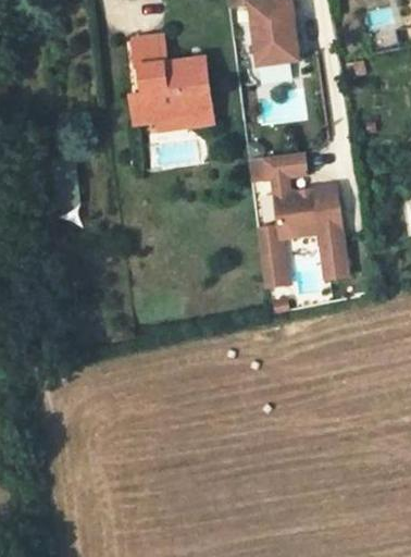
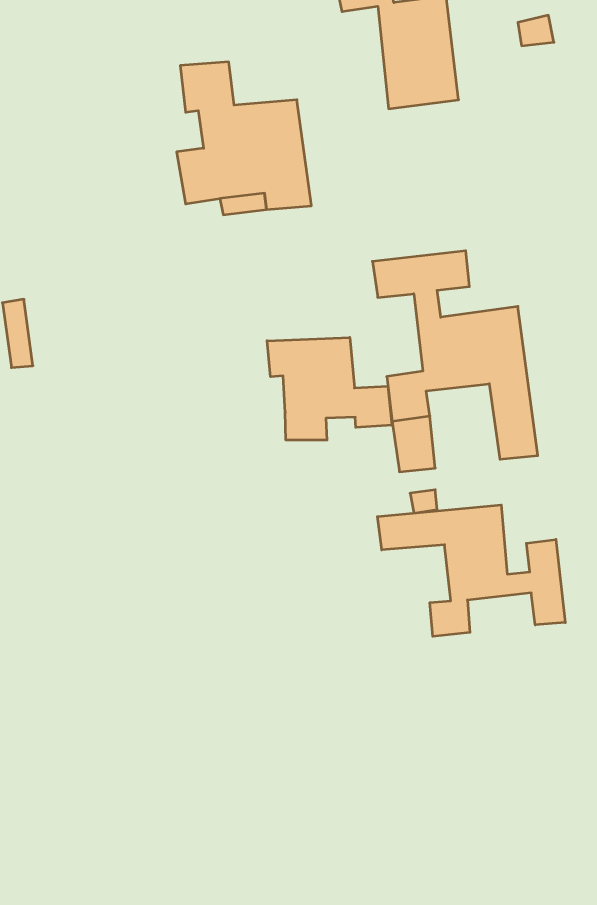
building: none -> [267,337,392,440]
building: none -> [377,505,565,636]

